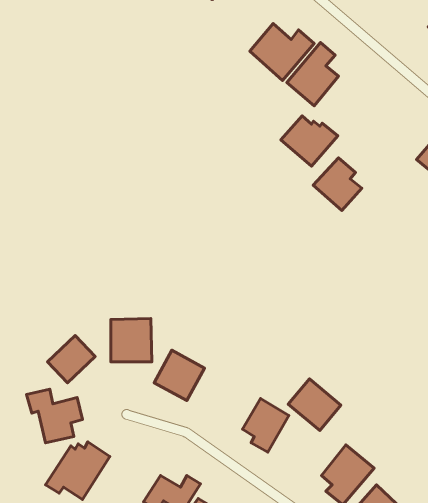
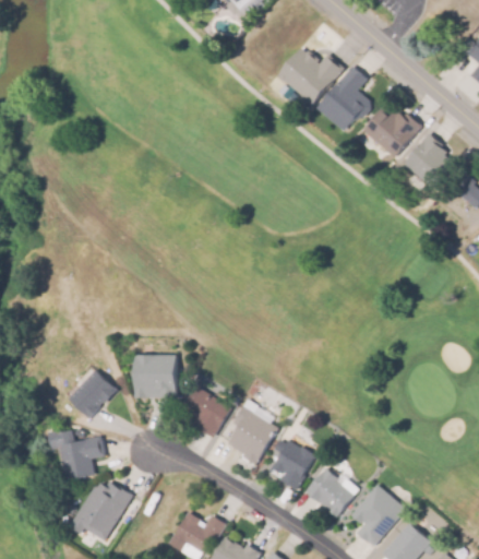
building: [281,116,338,166] -> [363,104,422,156]
building: [313,158,362,210] -> [404,134,454,189]
building: none -> [226,408,278,462]
building: [288,379,341,430] -> [307,465,361,519]

